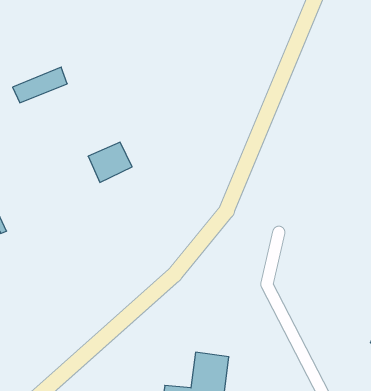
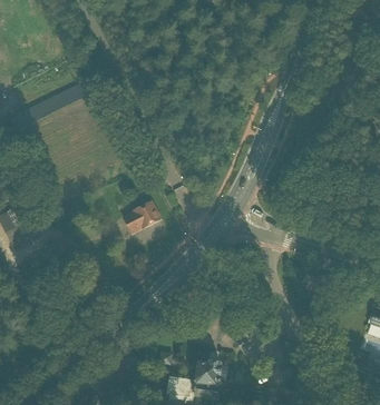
building: [88,142,132,182] -> [123,200,164,238]

